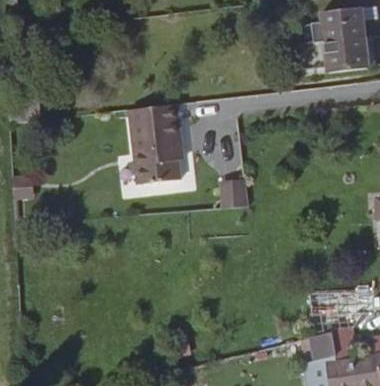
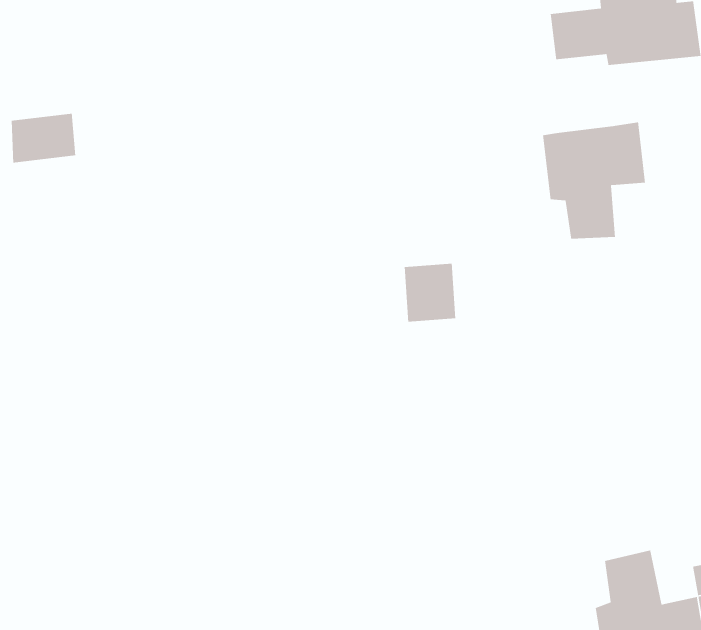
building: none -> [542,122,646,239]
building: [127,104,181,184] -> none

